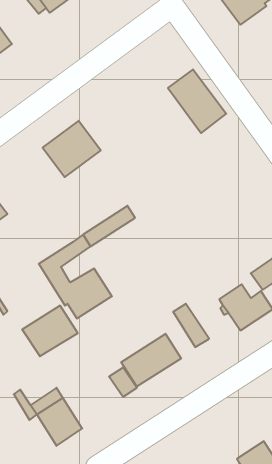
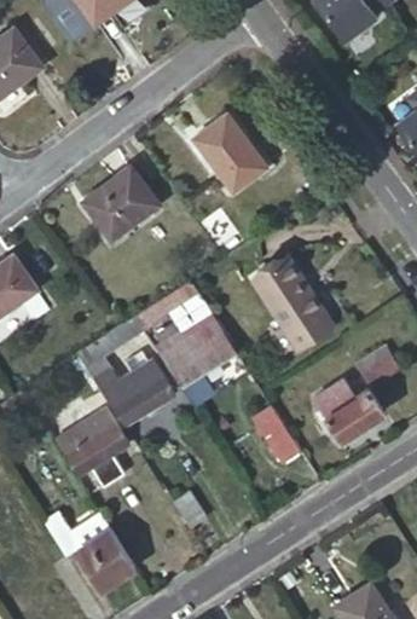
building: [168,69,226,133] -> [195,114,271,197]
building: none -> [254,258,334,348]
building: none -> [162,312,234,384]
building: [121,334,181,387] -> none

